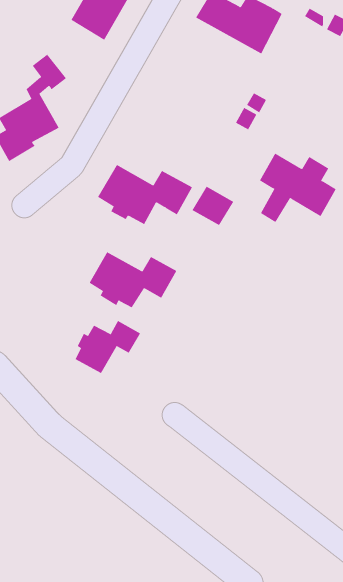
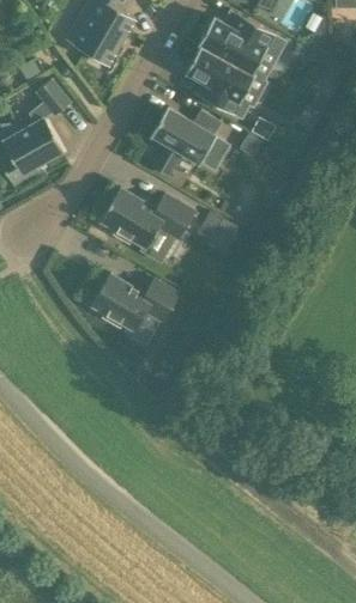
building: none -> [186,43,265,117]
building: [259,153,337,223] -> [151,106,228,176]
building: [75,320,141,374] -> none

